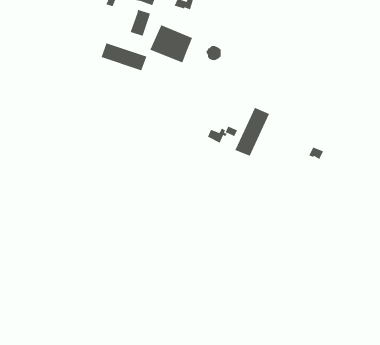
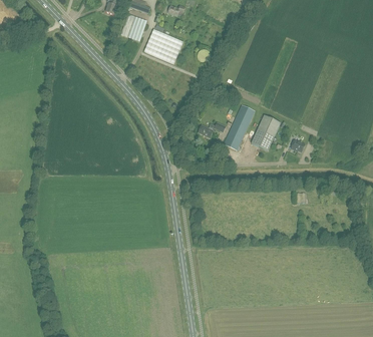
building: [101,42,147,71] -> none
building: none -> [252,114,281,149]

